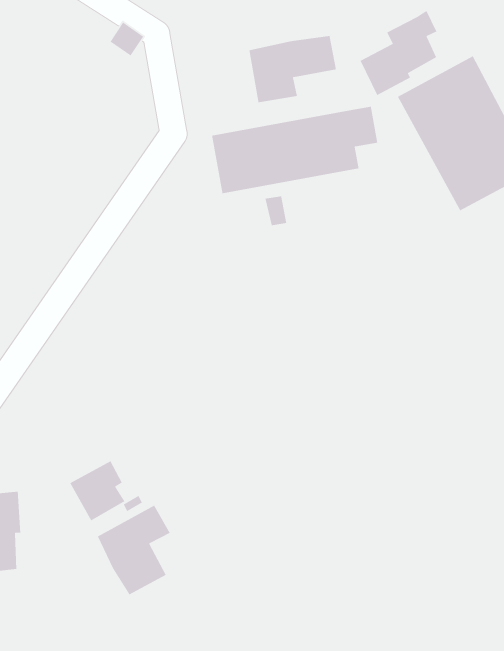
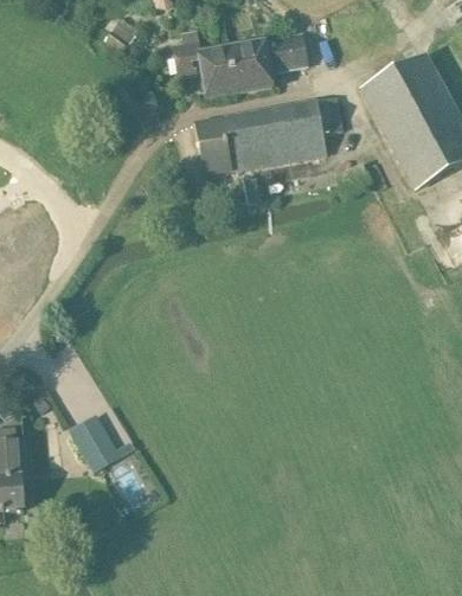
building: [359,10,437,96] -> none
building: none -> [173,37,236,101]
building: [97,505,171,595] -> none

